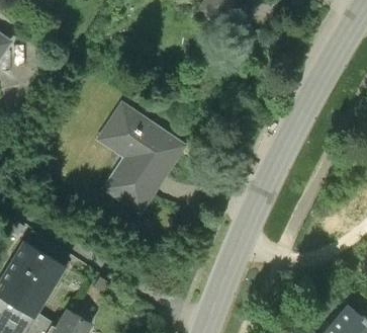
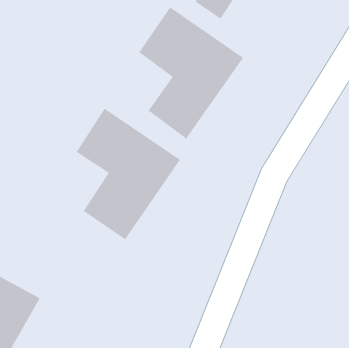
building: none -> [139,6,244,140]

